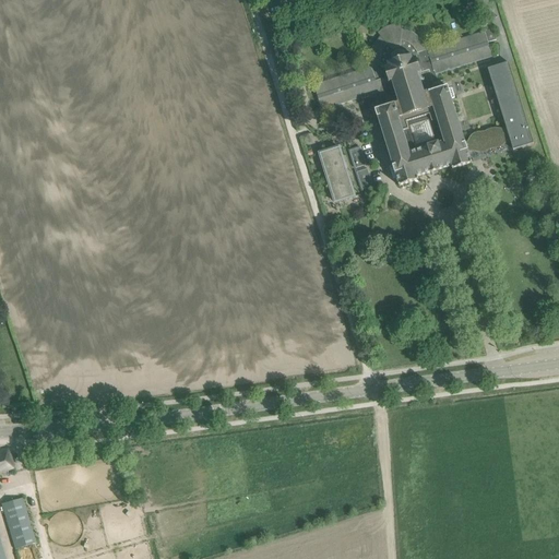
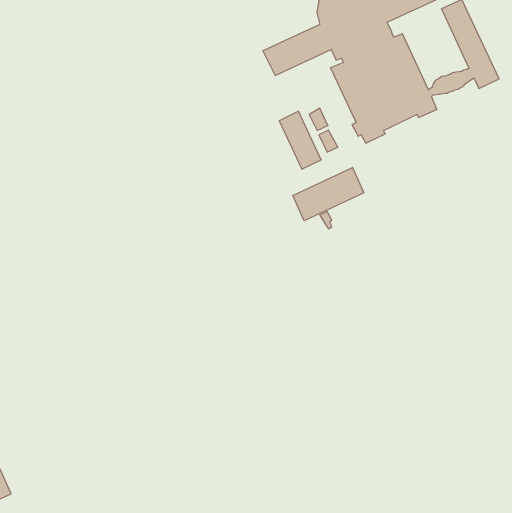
building: none -> [293,167,364,221]

